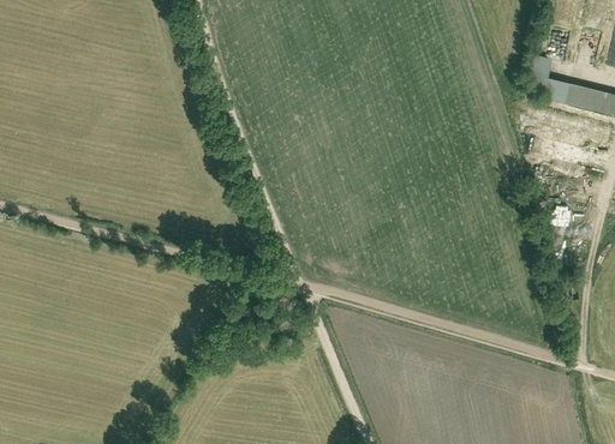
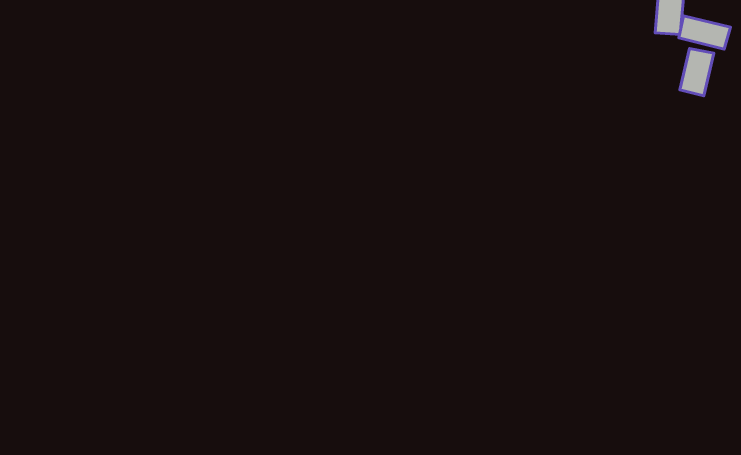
building: none -> [680,48,714,96]

